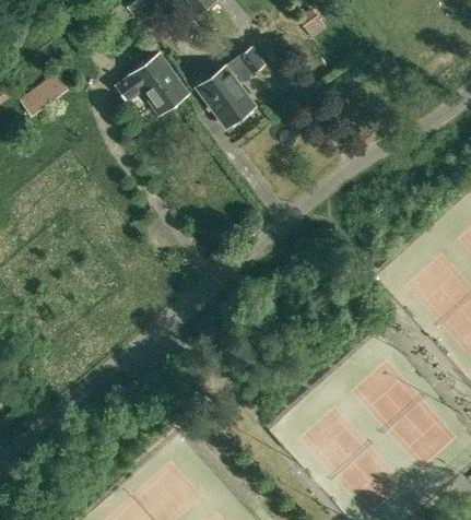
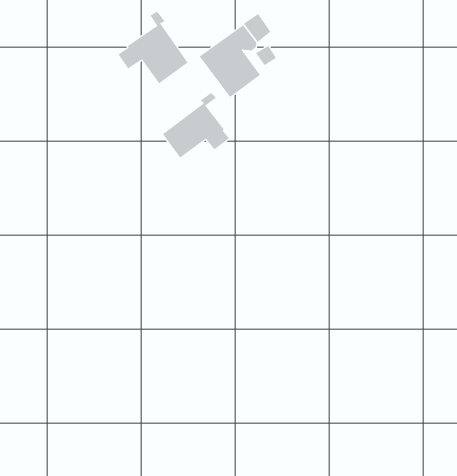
building: [20,76,64,116] -> none
building: none -> [162,92,230,159]

